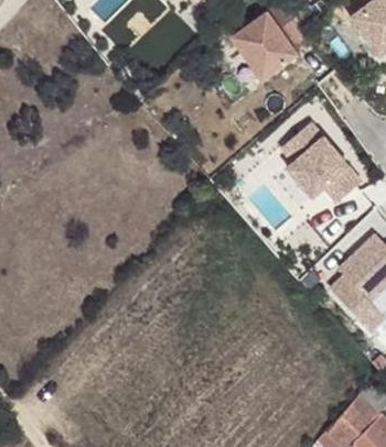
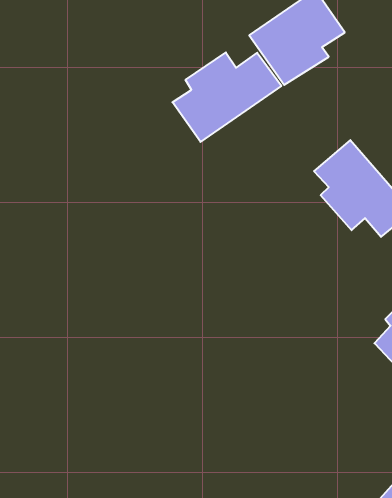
building: none -> [172,52,281,142]

